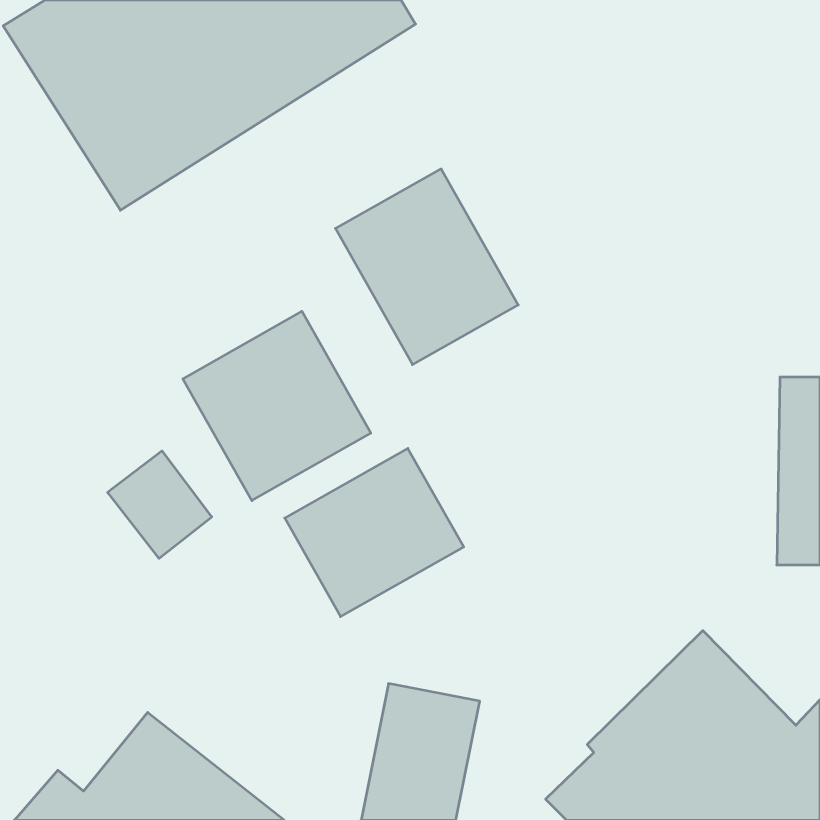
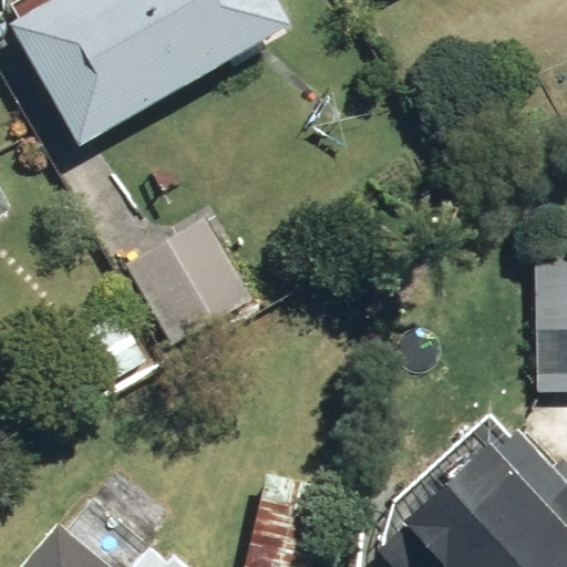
building: [335,169,518,365] -> none
building: [285,448,464,617] -> none

